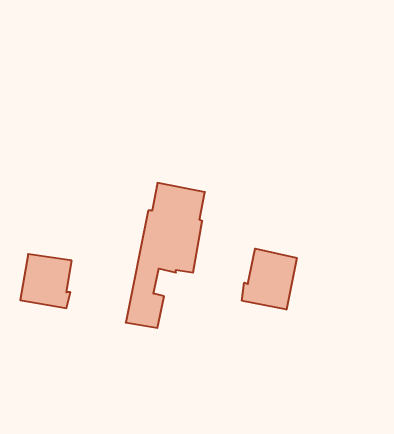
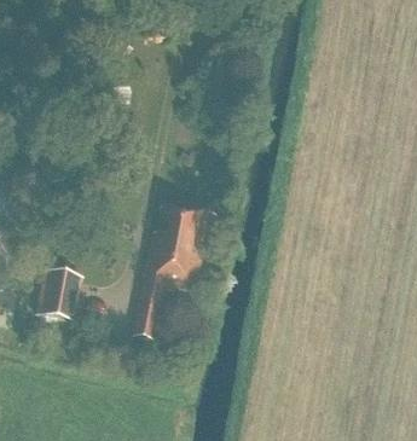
building: [242,249,297,310] -> none

